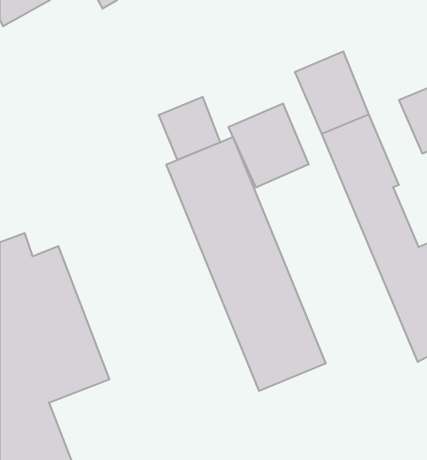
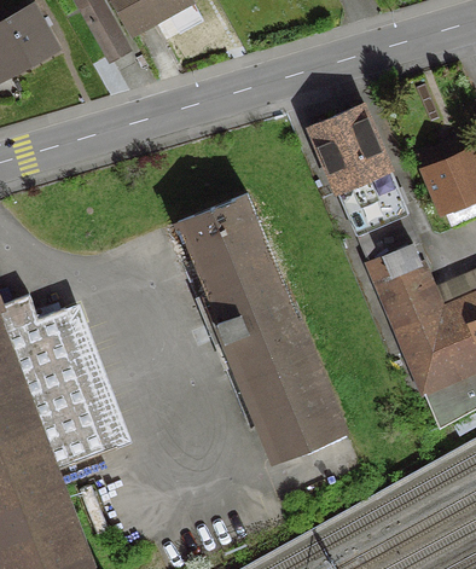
building: [159,97,220,160] -> none
building: [229,103,309,188] -> none

